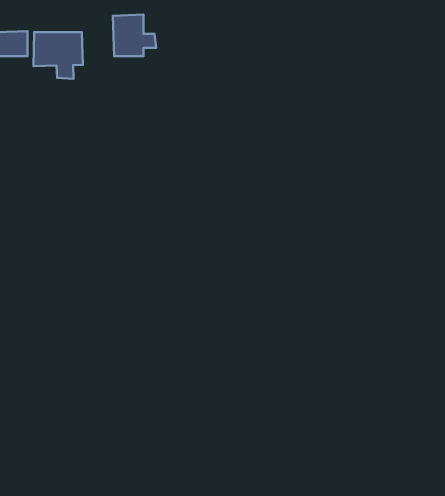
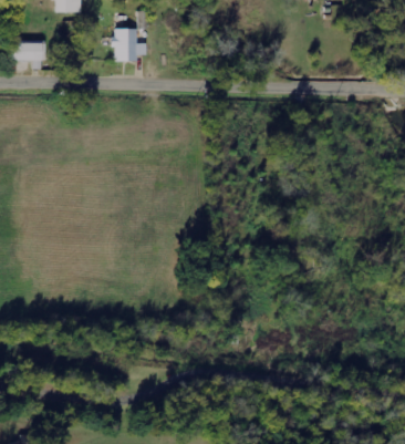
building: [34,32,83,79] -> none

